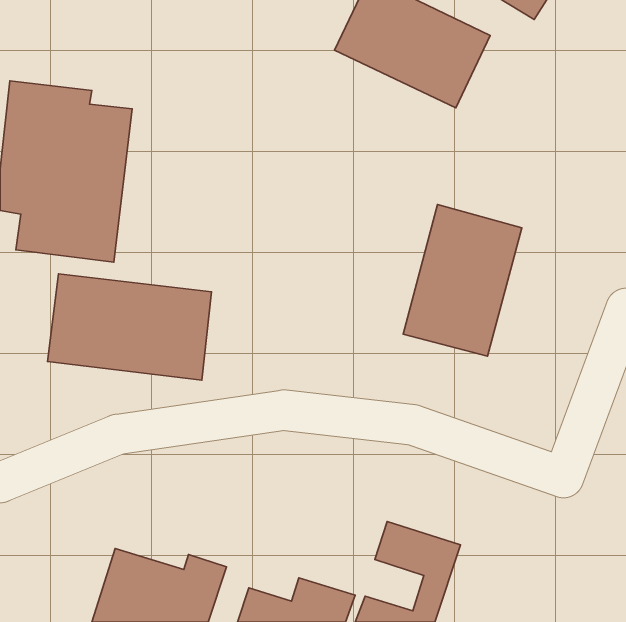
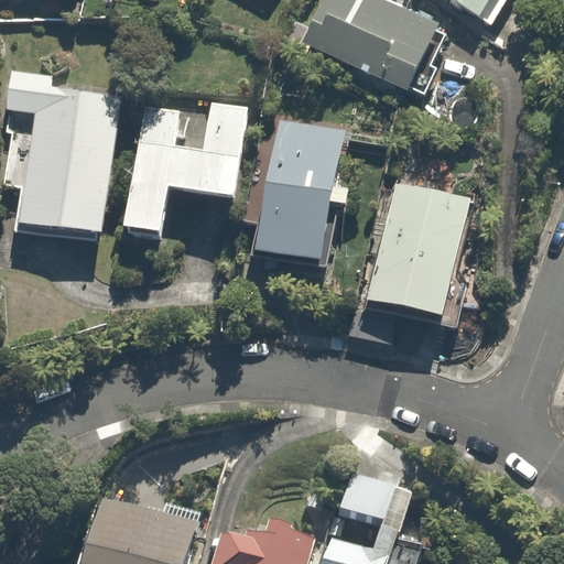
building: none -> [126,104,249,240]
building: none -> [253,119,348,264]
building: [48,274,211,380] -> none

